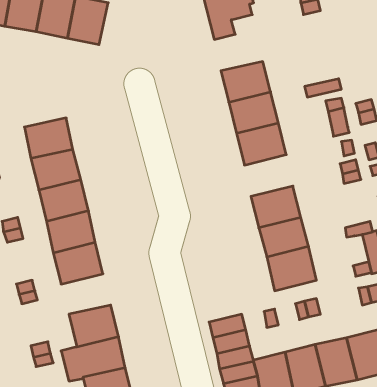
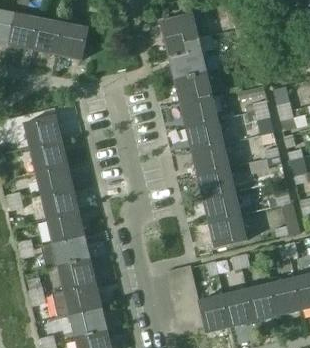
building: none -> [168,36,209,79]
building: none -> [191,143,228,175]
building: none -> [40,234,89,268]

